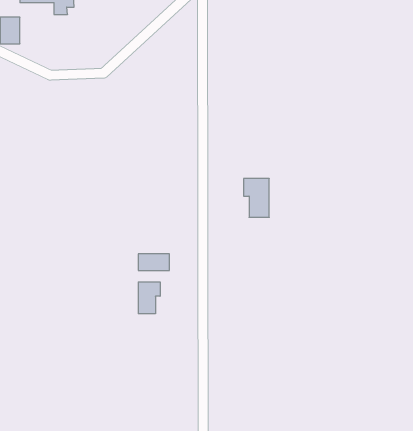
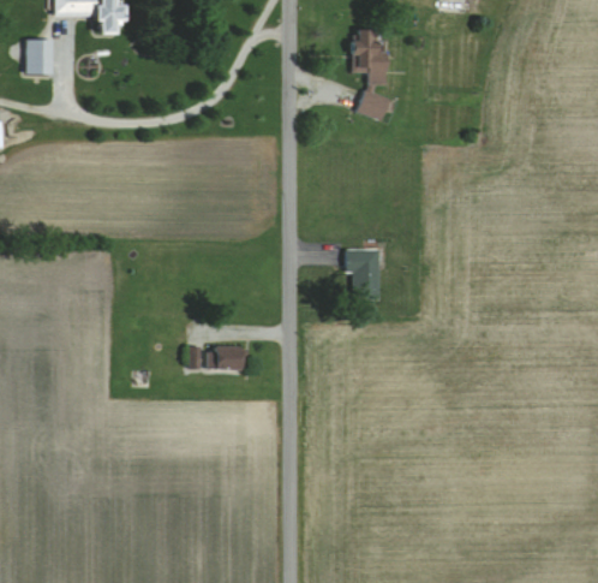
building: none -> [351,26,390,118]
building: [138,282,160,314] -> none

